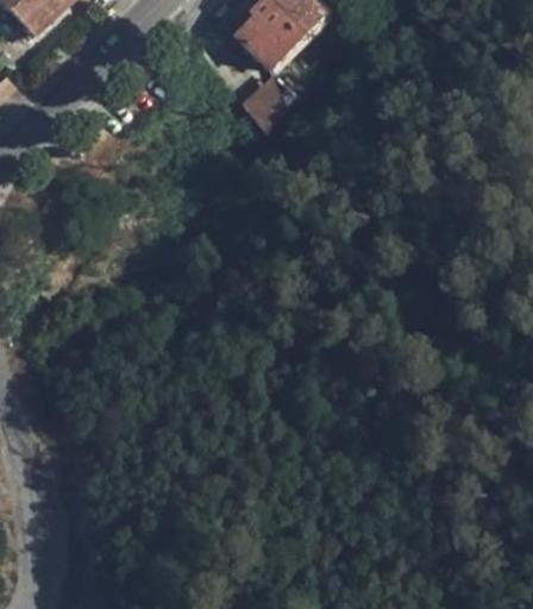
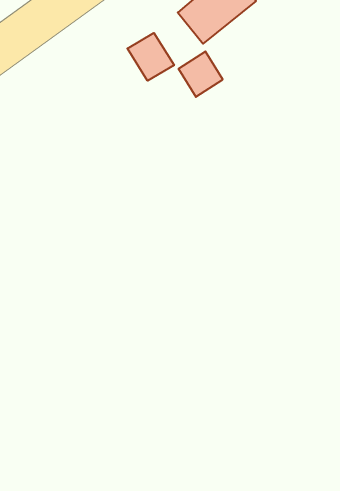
building: none -> [127,33,174,81]

